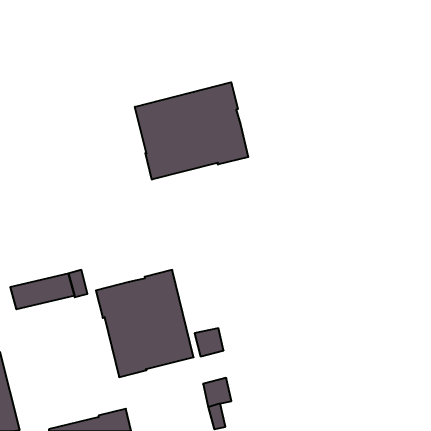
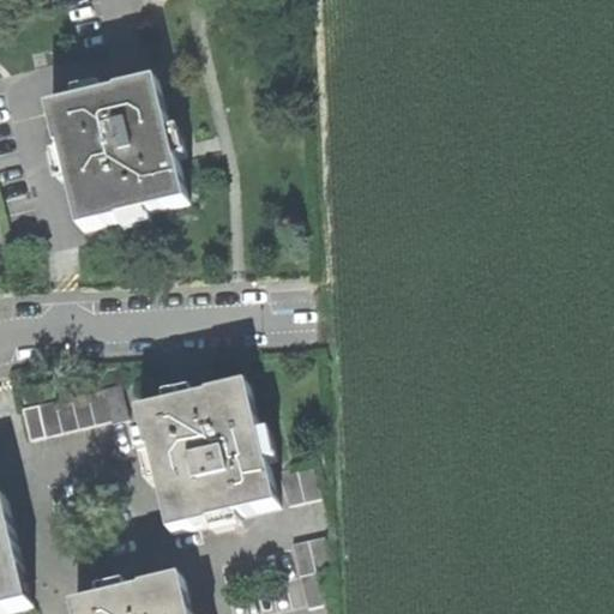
building: none -> [44,74,182,223]
building: [135,82,248,180] -> none

